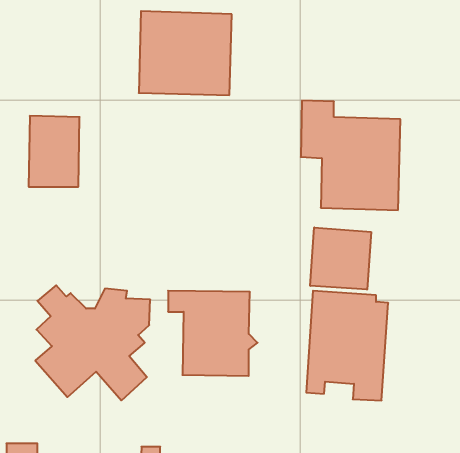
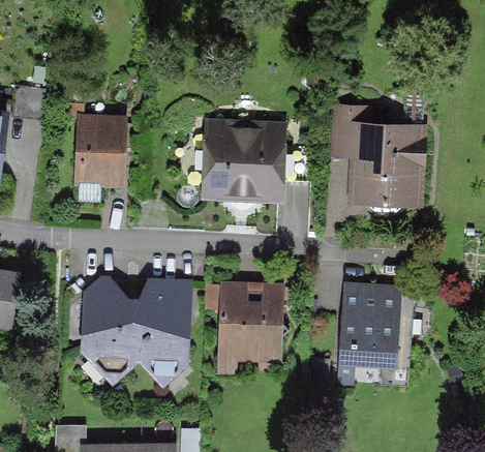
building: [139,11,232,95] -> [199,120,285,199]
building: [310,227,371,290] -> none

